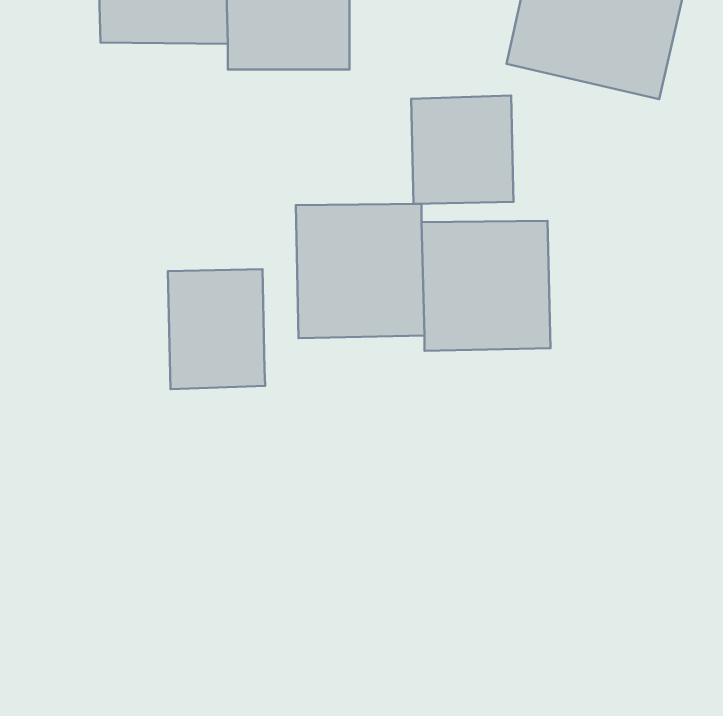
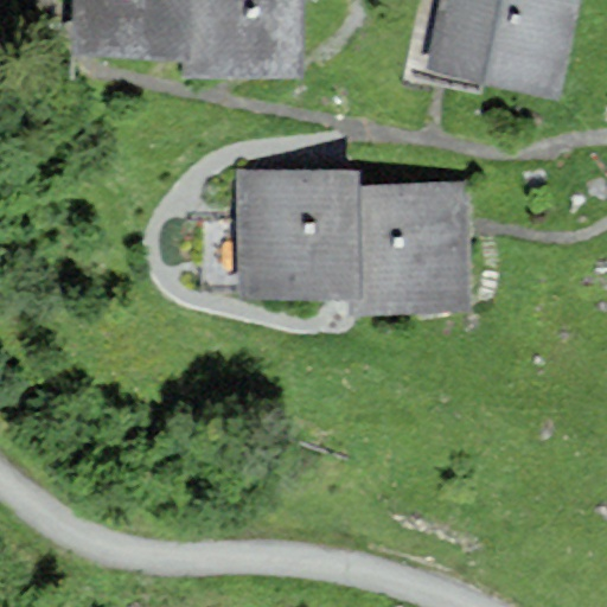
building: [411,96,514,204] -> none
building: [168,269,265,389] -> none

